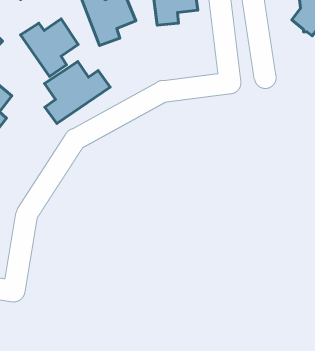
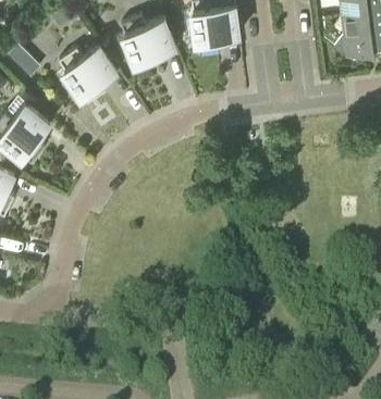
building: [45,61,110,124] -> none

